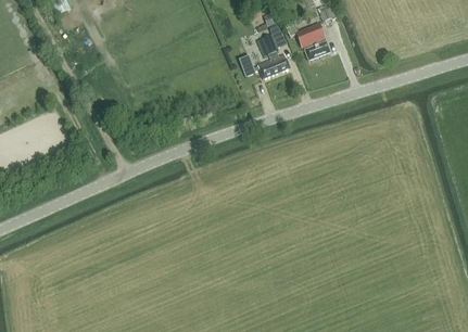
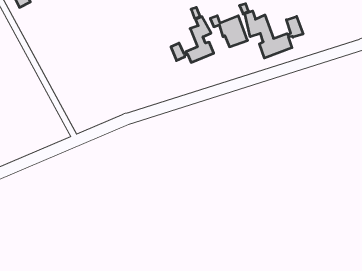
building: none -> [245,11,303,58]

